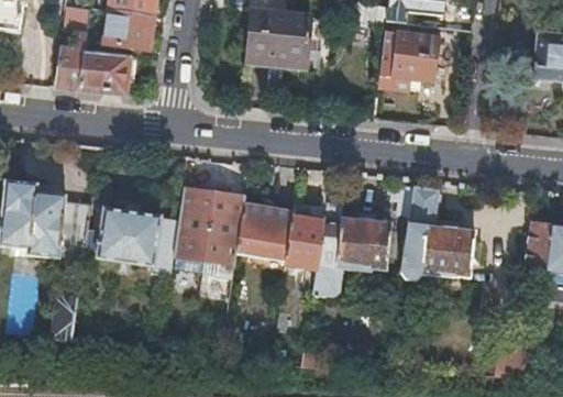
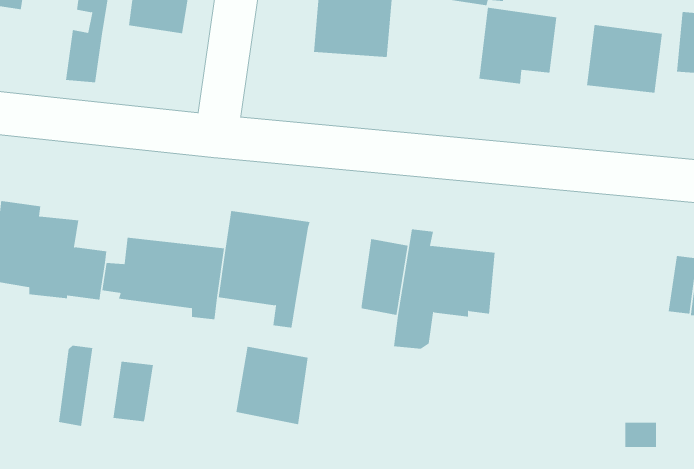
building: none -> [587,24,662,94]
building: [78,48,129,92] -> none
building: [399,184,475,278] -> none
building: [236,200,294,262] -> [236,346,309,425]
building: none -> [113,361,154,422]

